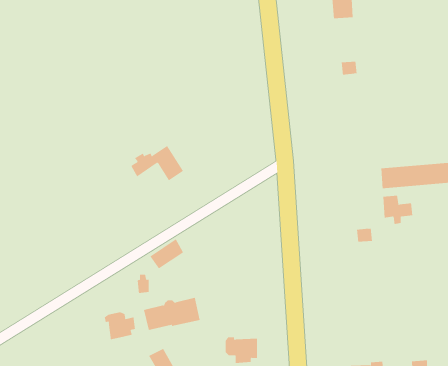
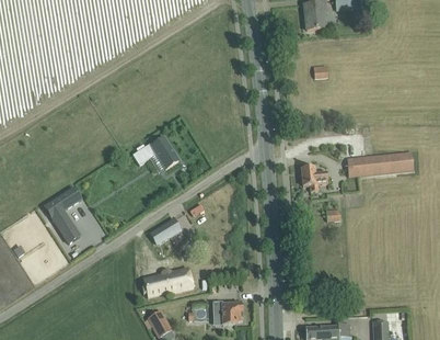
building: [382,195,413,225] -> [301,166,327,191]
building: none -> [45,186,81,242]
building: [104,311,135,340] -> none

